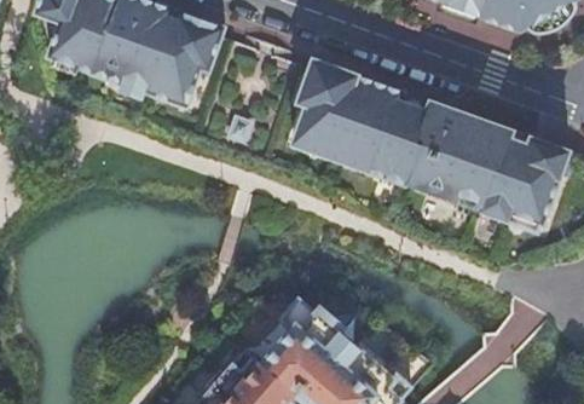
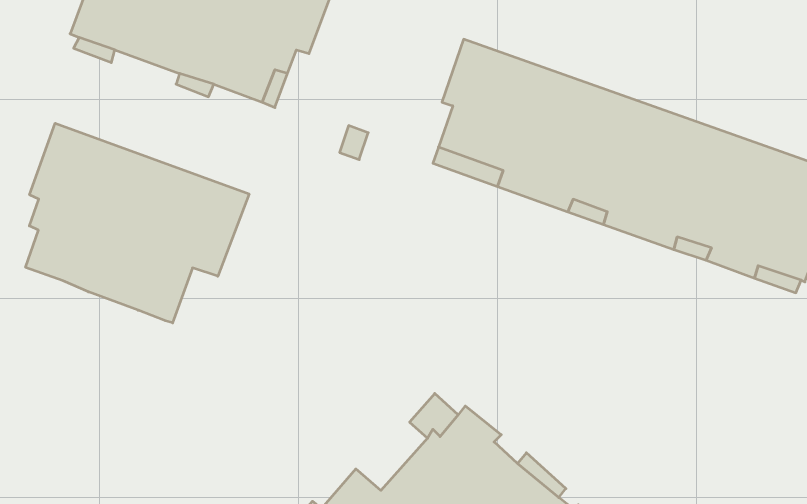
building: none -> [26,123,249,323]

